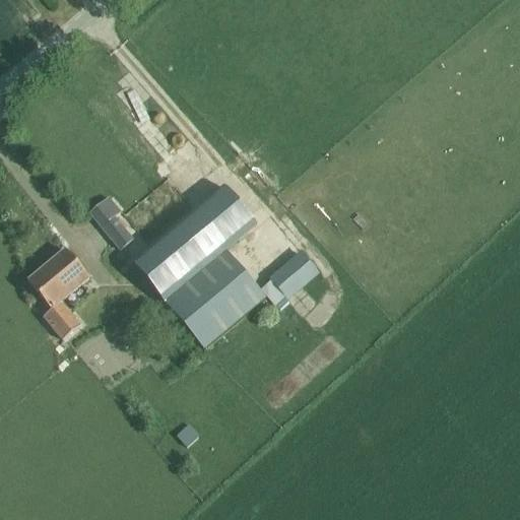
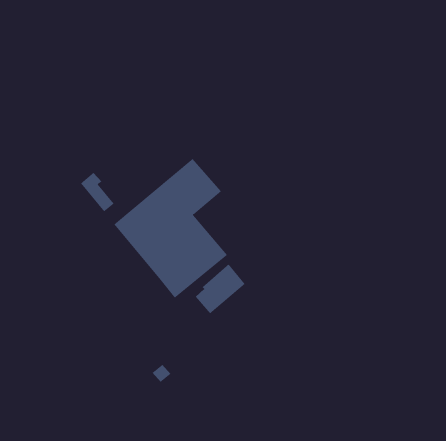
building: [263,247,322,306] -> [195,264,246,314]
building: [28,248,89,335] -> none

